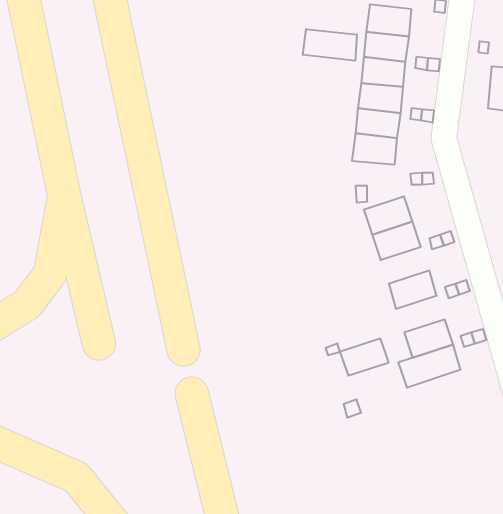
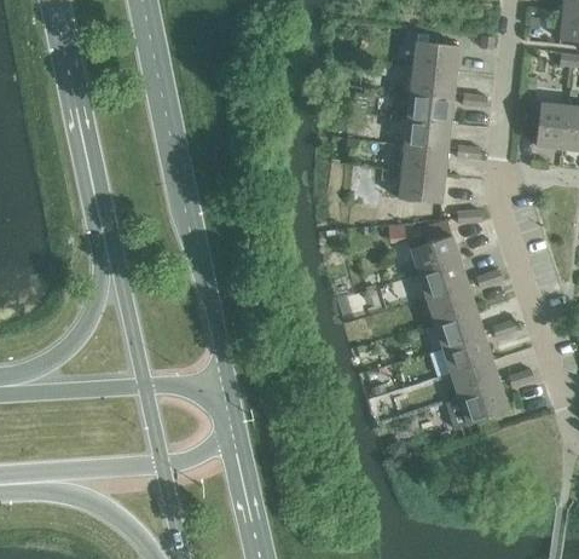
building: [303,29,357,61] -> none
building: none -> [427,286,476,323]
building: [340,339,389,376] -> [442,335,492,373]

